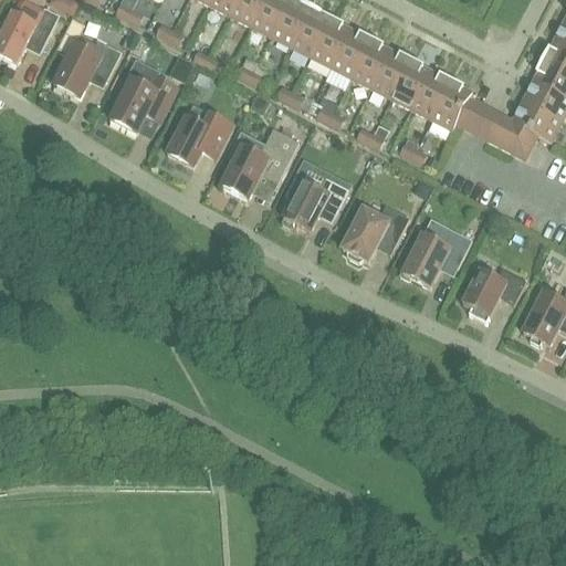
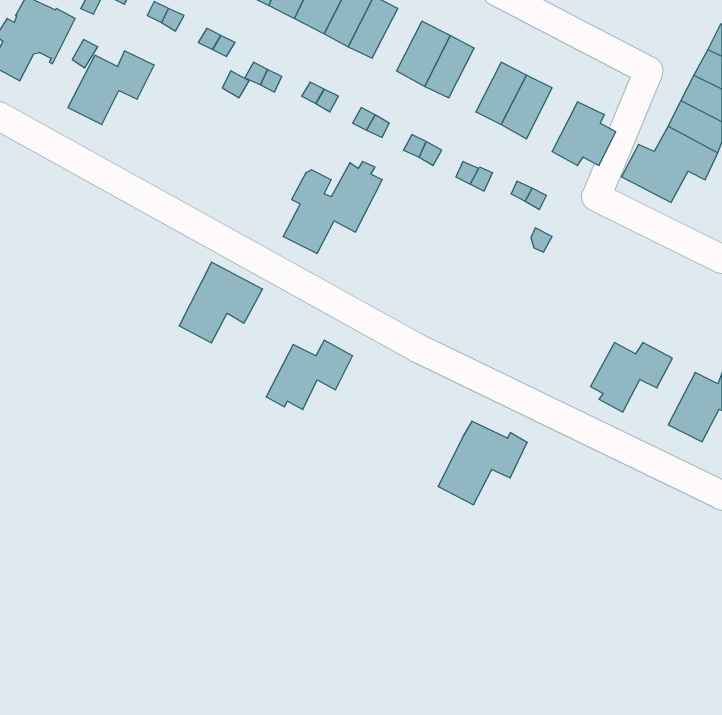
building: [291,7,329,55] -> none
building: [350,38,391,87] -> none
building: [109,57,177,132] -> none
building: [411,69,451,118] -> none
building: [167,104,232,167] -> [179,262,263,343]
building: [281,177,348,231] -> [266,340,353,410]
building: [342,205,409,262] -> none
building: [401,222,471,287] -> [438,421,527,505]

